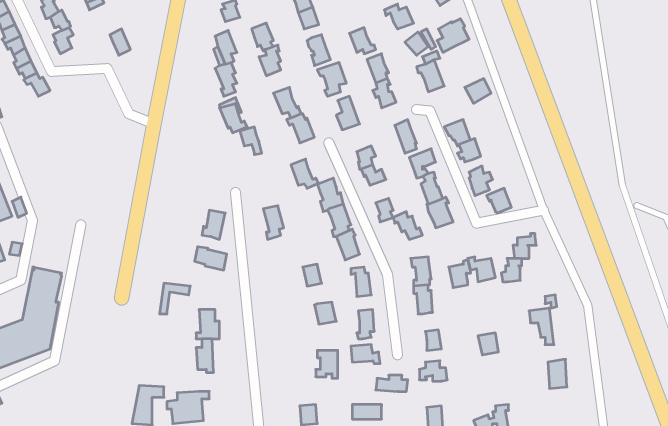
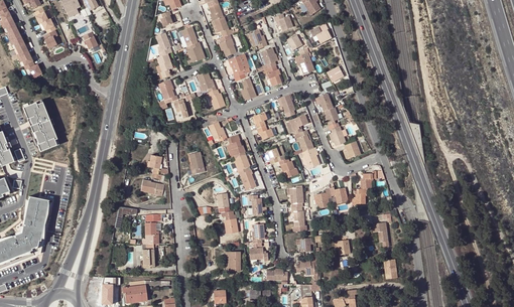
building: none -> [23,101,57,150]

